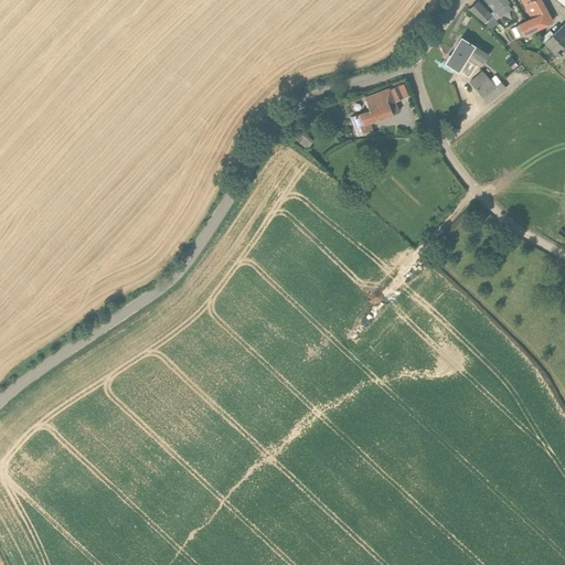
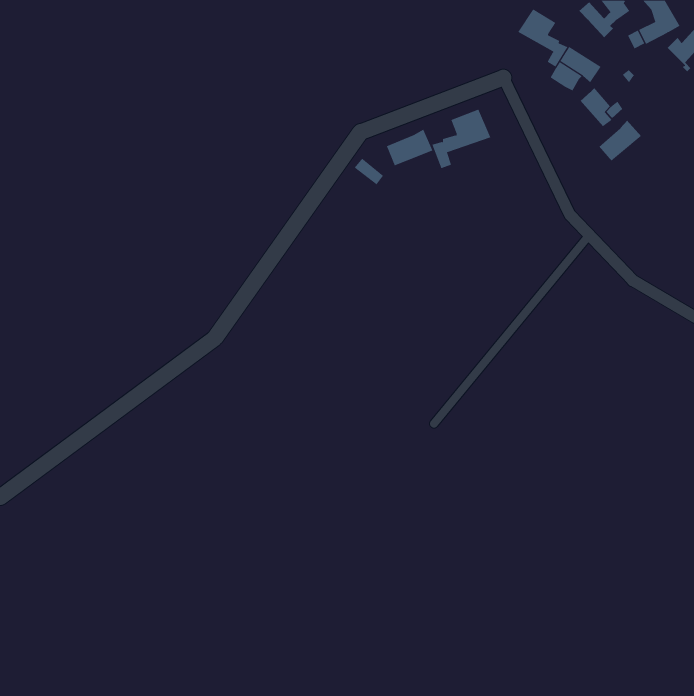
building: none -> [517,8,568,67]
building: none -> [599,120,642,162]
building: none -> [386,129,433,166]

